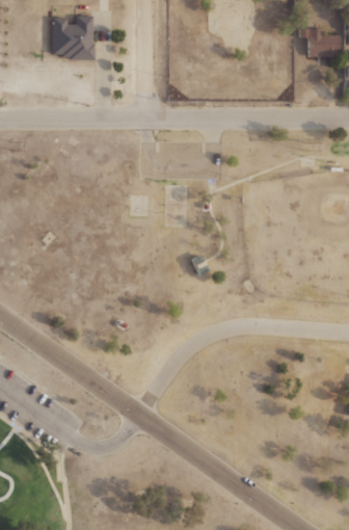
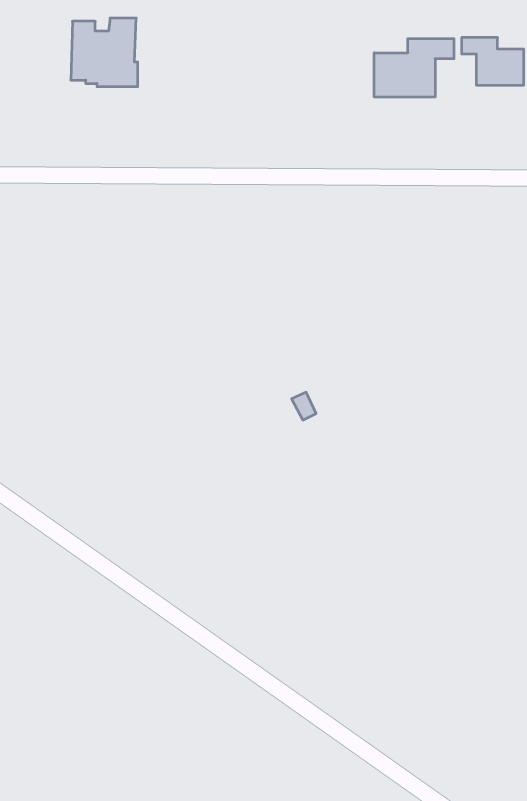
building: none -> [374,39,454,97]

